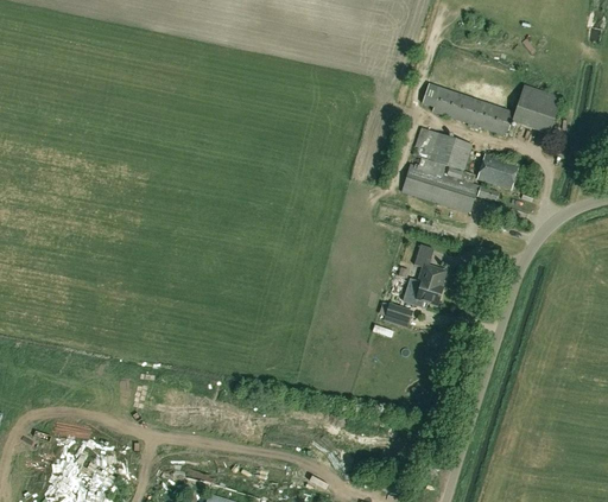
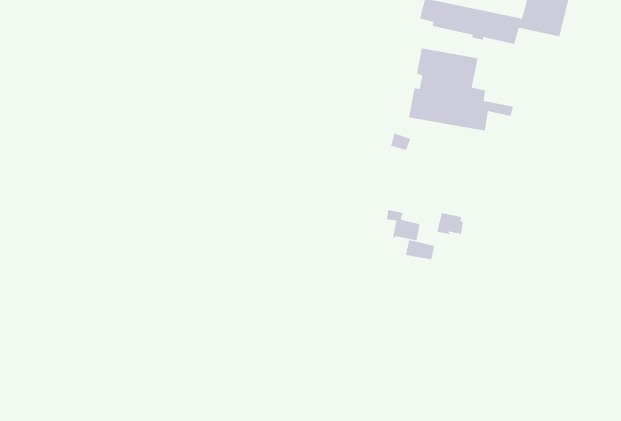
building: [477,153,519,189] -> none
building: [414,254,445,286] -> [386,209,421,241]

